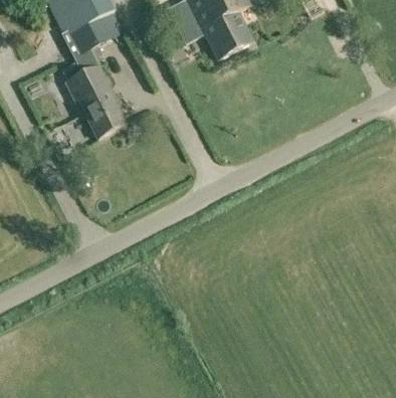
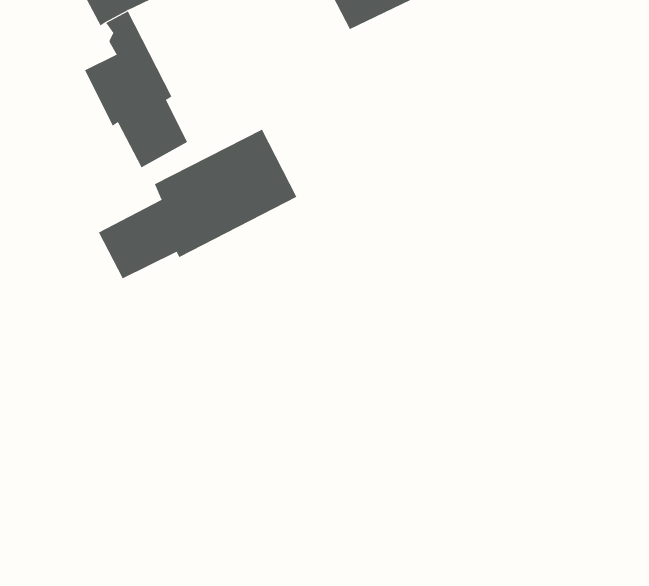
building: none -> [98,129,297,279]

